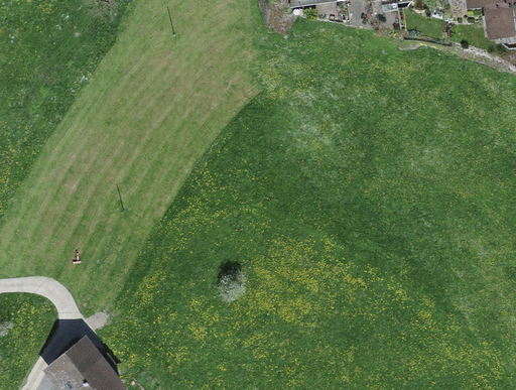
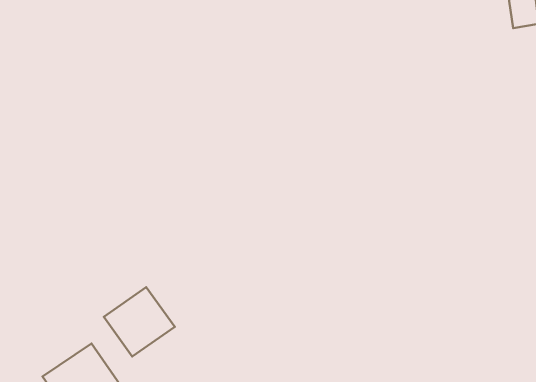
building: none -> [104,287,175,356]

